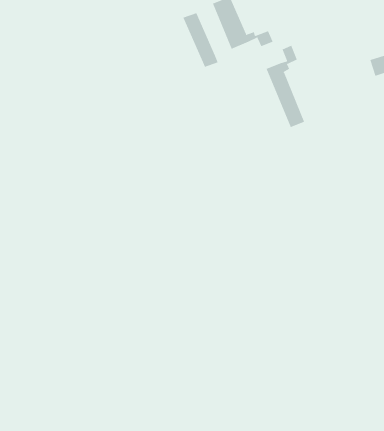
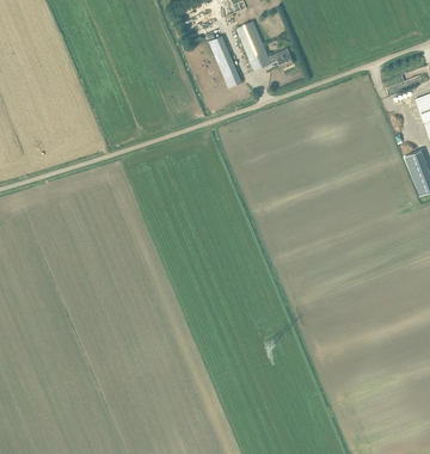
building: [266,45,305,128] -> none

